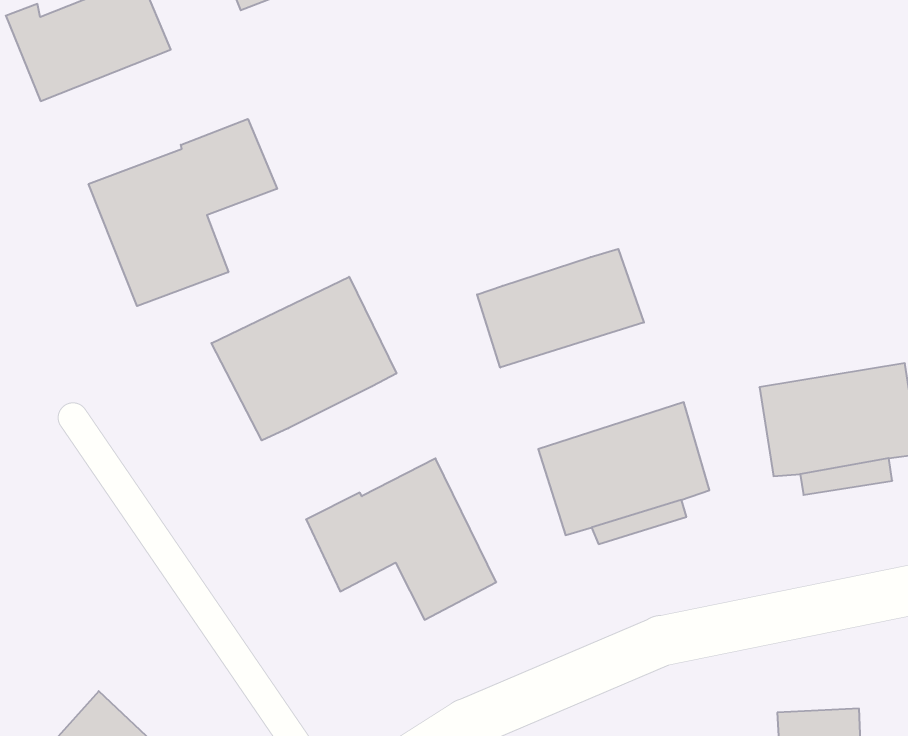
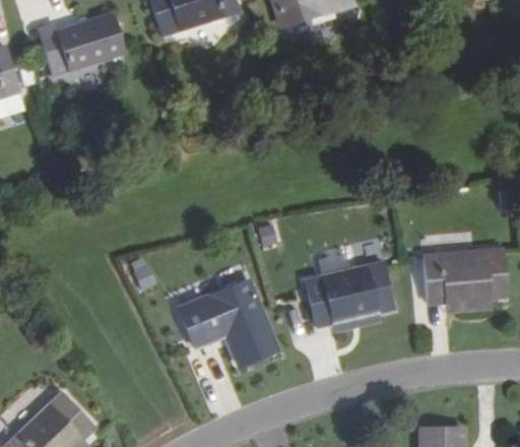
building: [89,119,277,306] -> none
building: [477,249,644,368] -> none
building: [211,277,396,440] -> none

